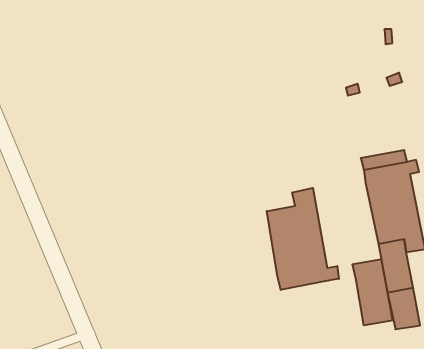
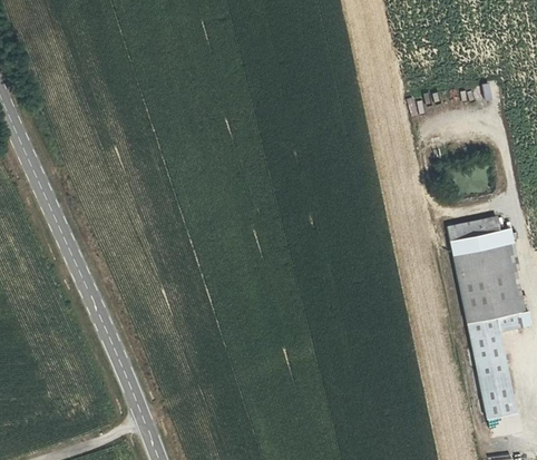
building: [267,188,339,290] -> none
building: [353,259,393,325] -> none

